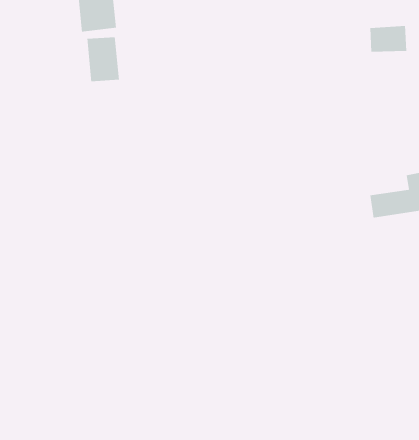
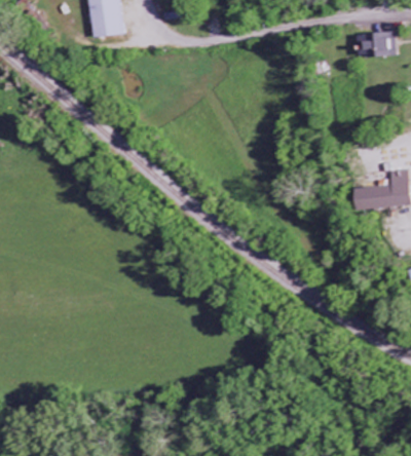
building: [87,36,119,82] -> none

